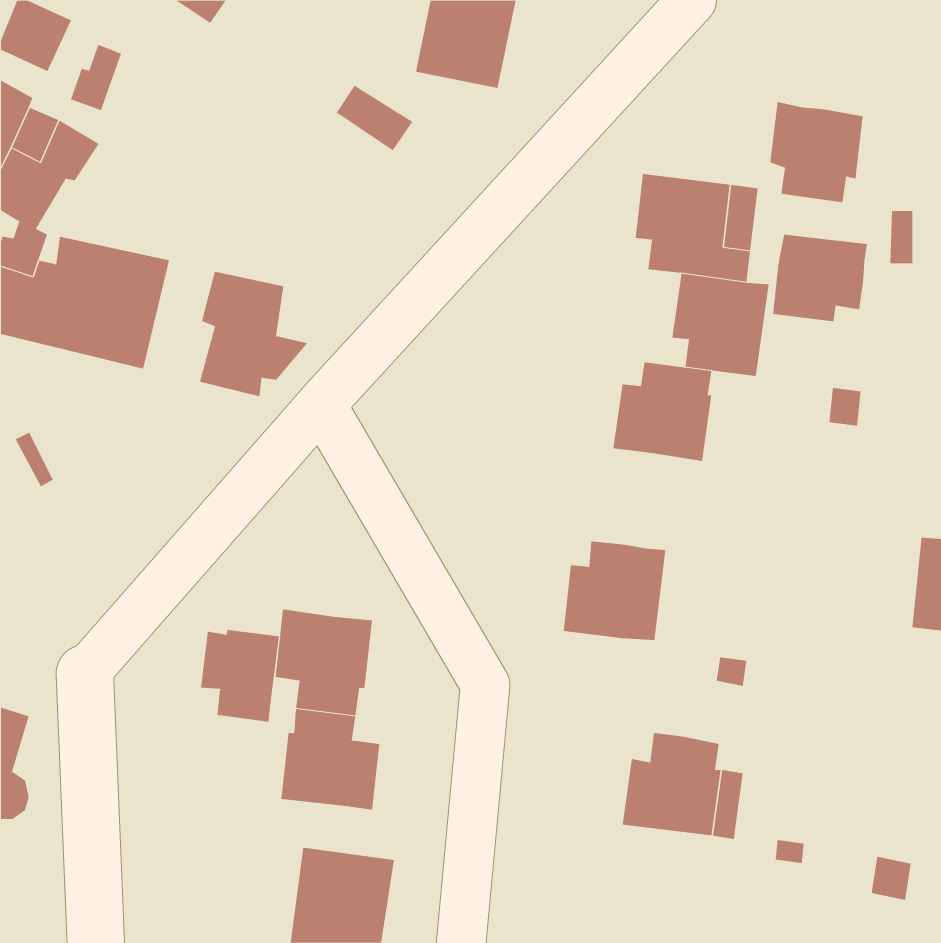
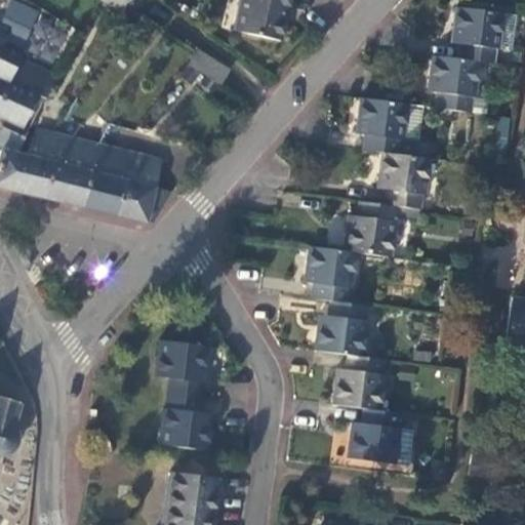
building: none -> [453,7,507,66]
building: [772,234,867,322] -> none
building: none -> [81,145,120,212]
building: none -> [304,244,358,302]
building: [201,629,279,722] -> none
building: none -> [332,355,386,409]

